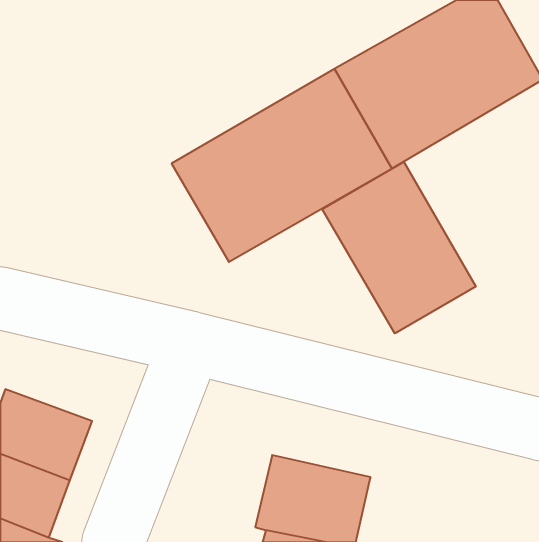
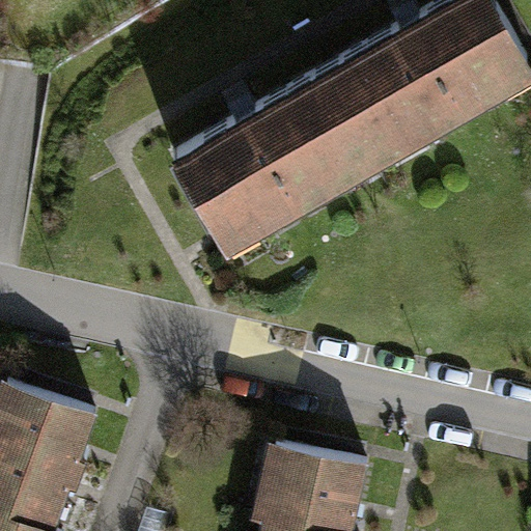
building: [322,162,476,333] -> none

